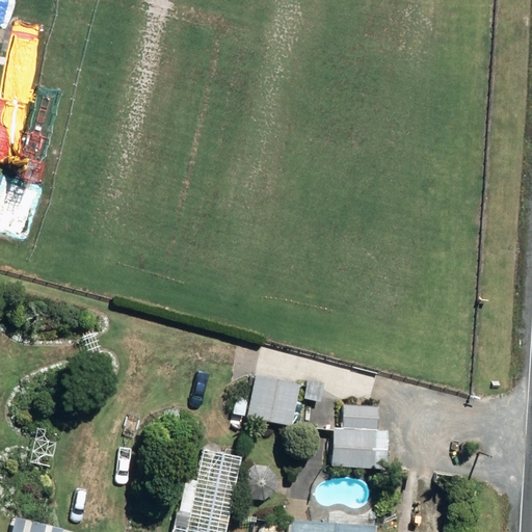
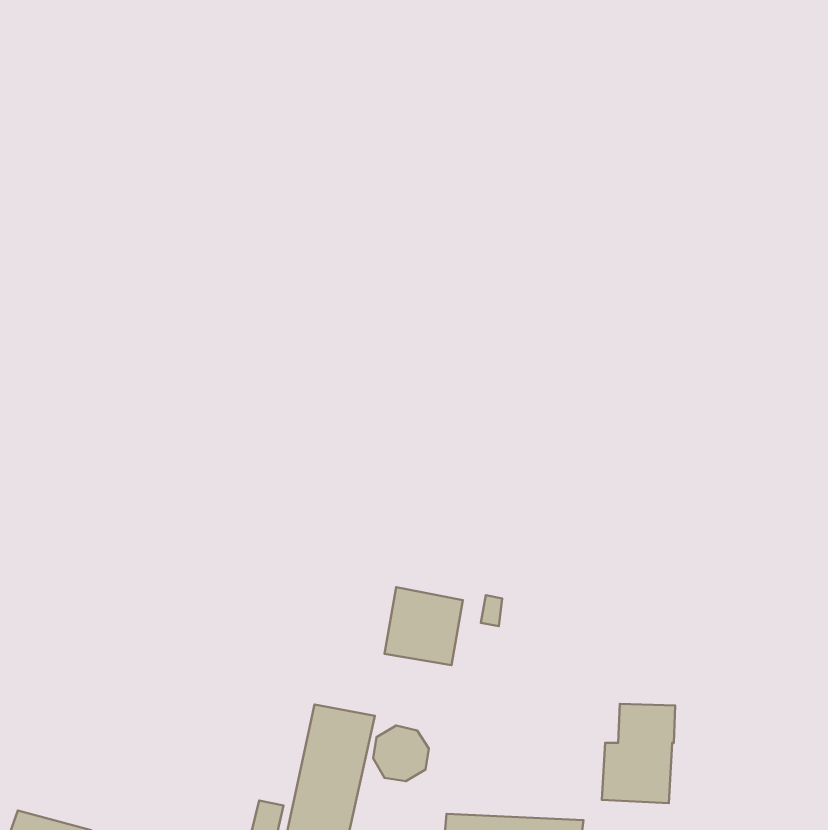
building: [331,405,378,469] -> [602,704,675,803]

